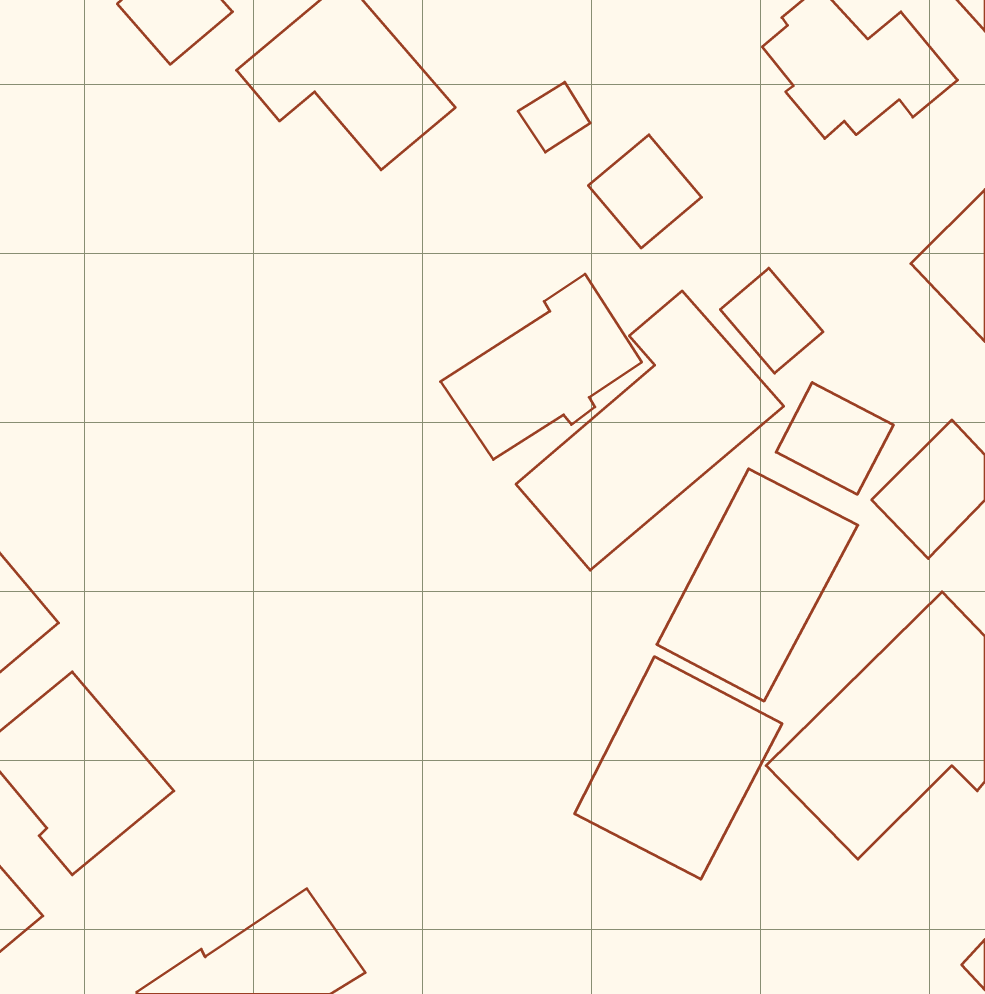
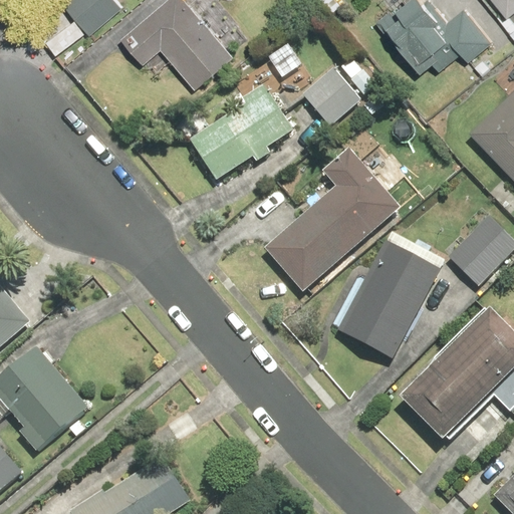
building: [720,268,823,373] -> none
building: [440,274,642,460] -> [190,85,293,181]
building: [776,382,893,494] -> none
building: [575,657,782,879] -> none

